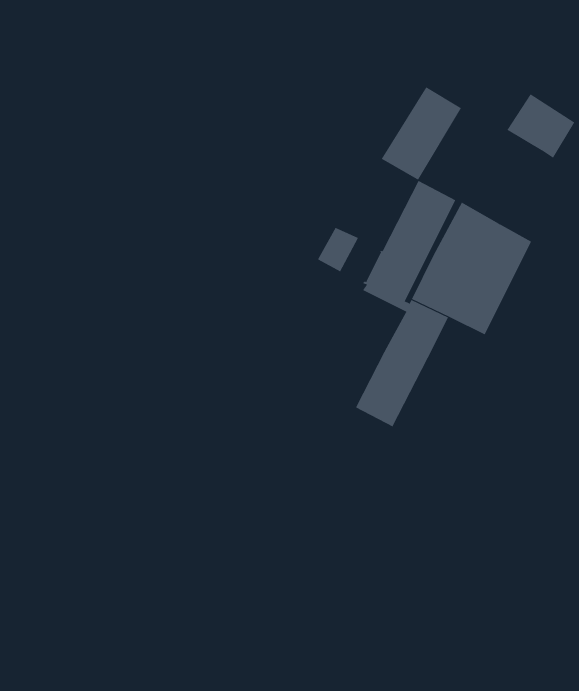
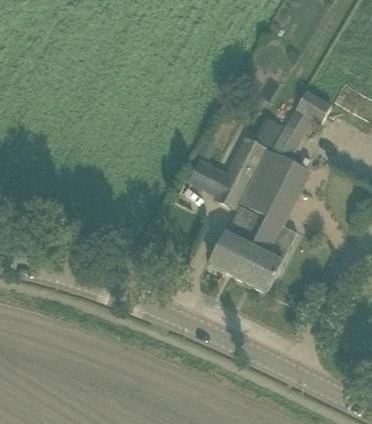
building: [381,87,462,180] -> [269,108,314,160]
building: none -> [231,212,283,291]

